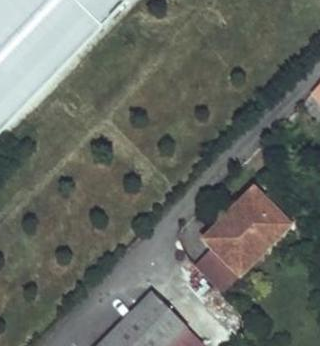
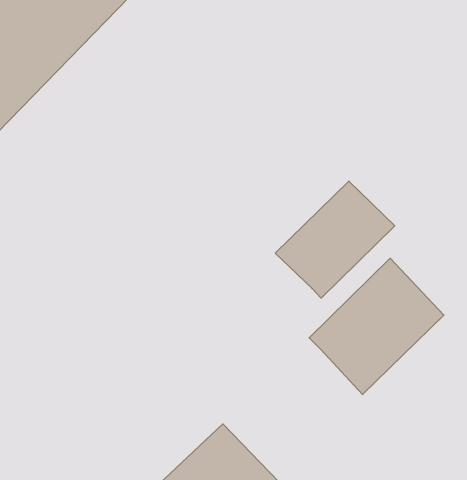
building: none -> [275,181,395,298]
building: [195,246,239,291] -> none

